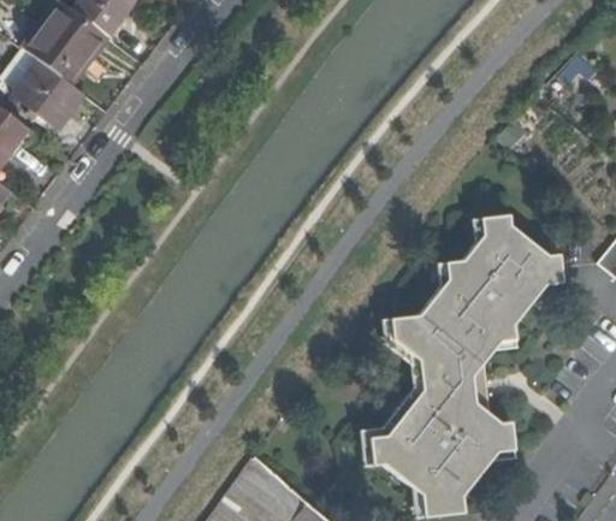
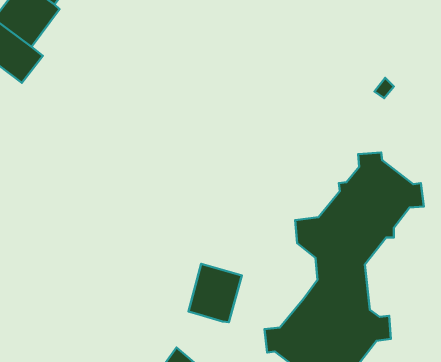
building: none -> [188,264,242,322]

